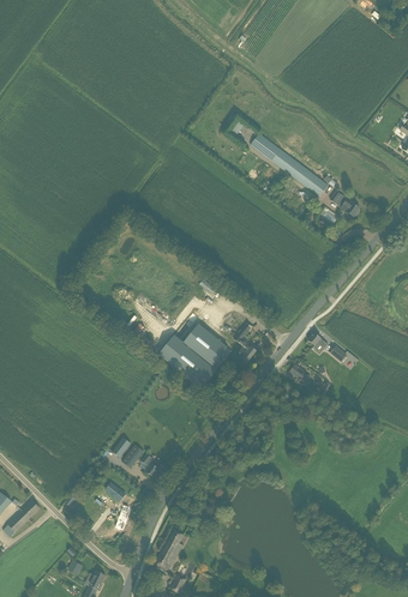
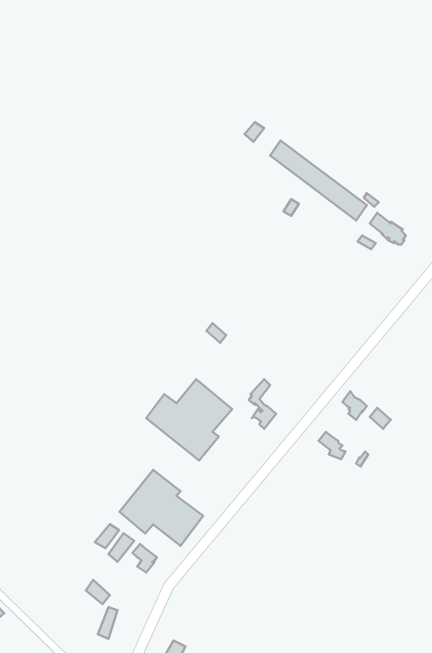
building: none -> [119,470,203,546]

